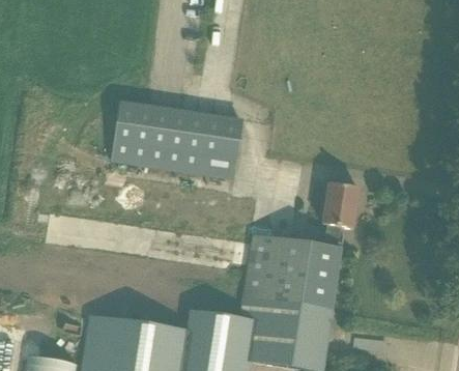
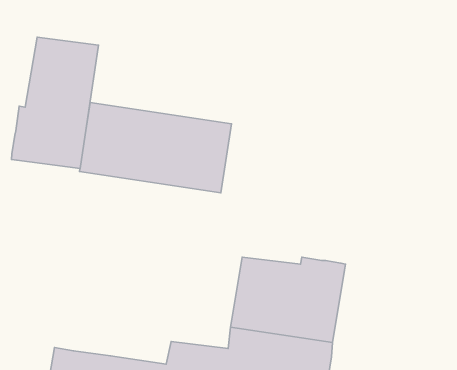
building: none -> [11,37,99,168]
building: [321,183,360,241] -> none

